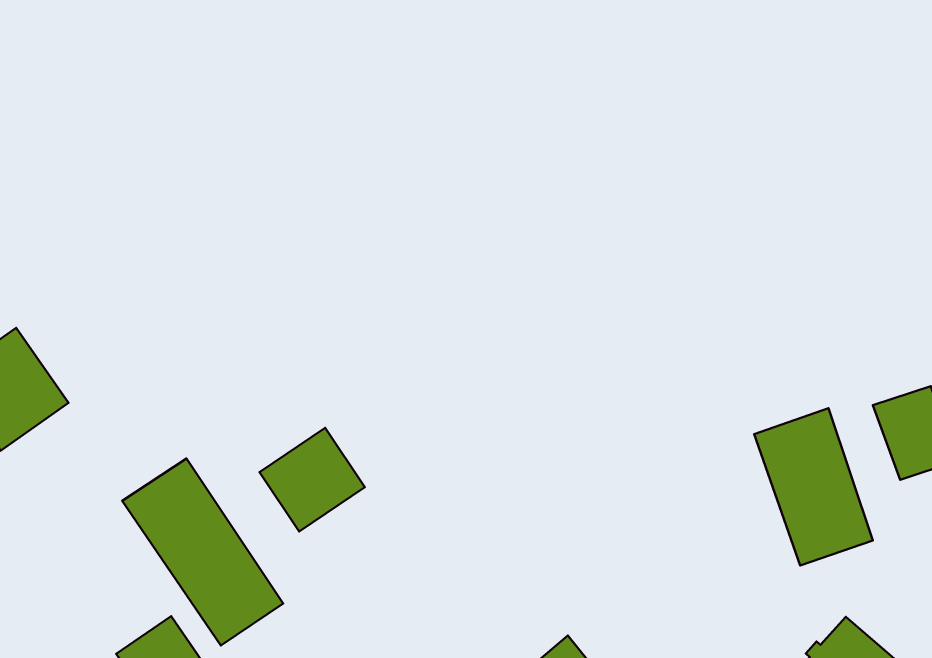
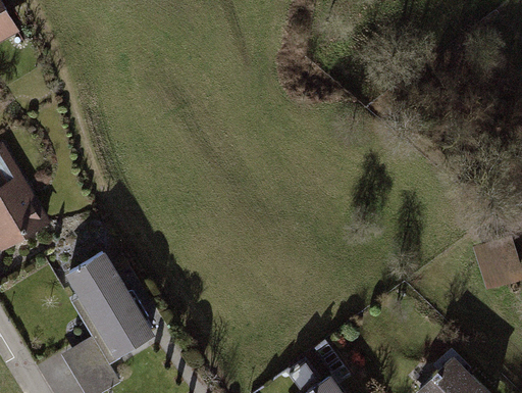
building: [754,408,873,565] -> none
building: [259,428,365,531] -> none

